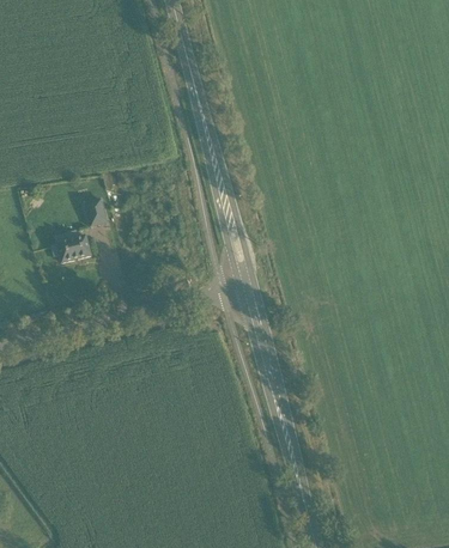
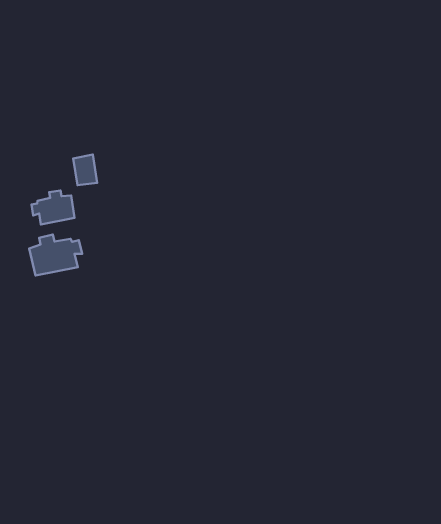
building: none -> [29,235,82,276]

